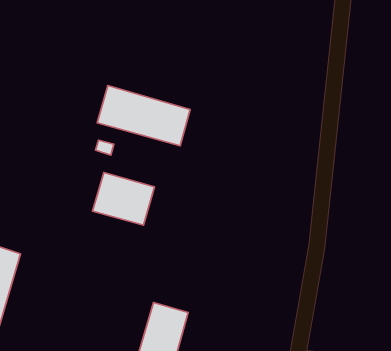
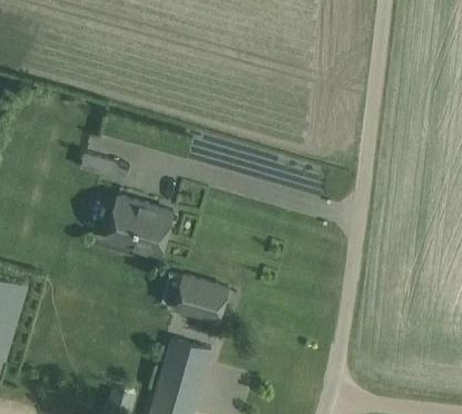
building: [97,86,190,146] -> none
building: none -> [171,275,226,322]

